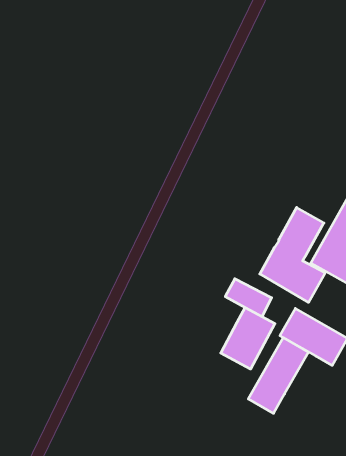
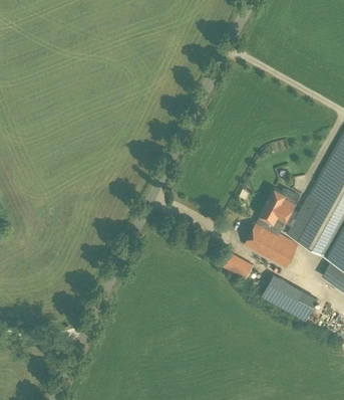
building: [221,308,275,369] -> none
building: [248,338,308,413] -> none

